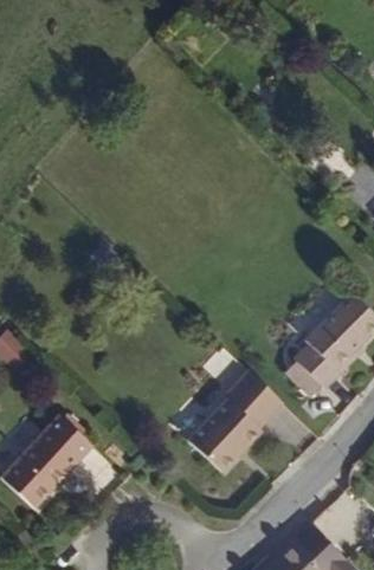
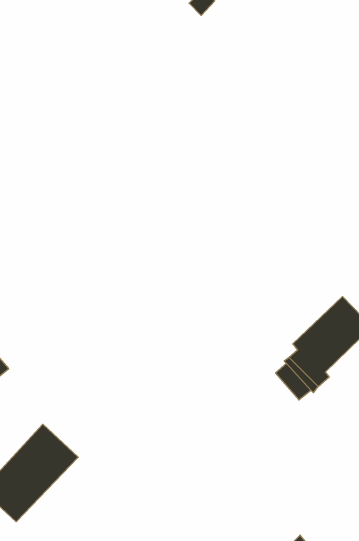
building: [191,364,285,469] -> none

